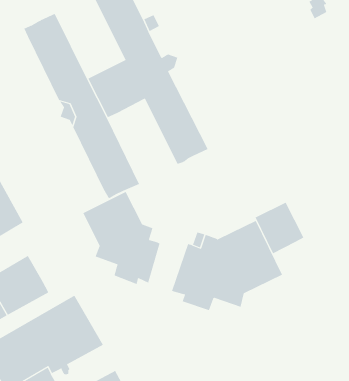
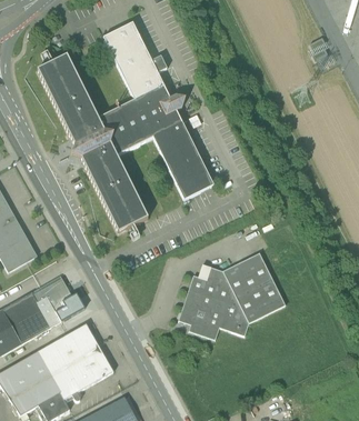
building: [83,191,160,285] -> none
building: [255,202,304,254] -> none
building: none -> [41,275,72,312]

